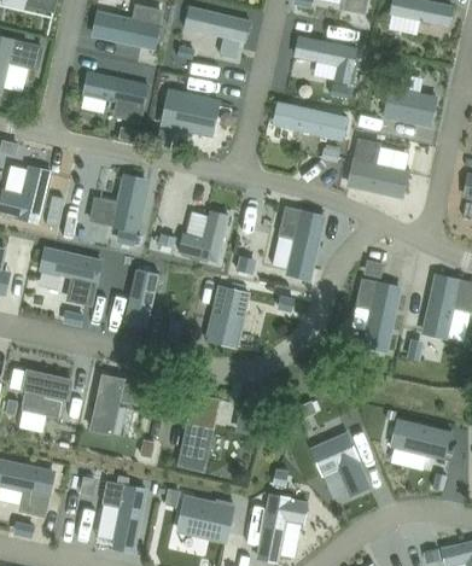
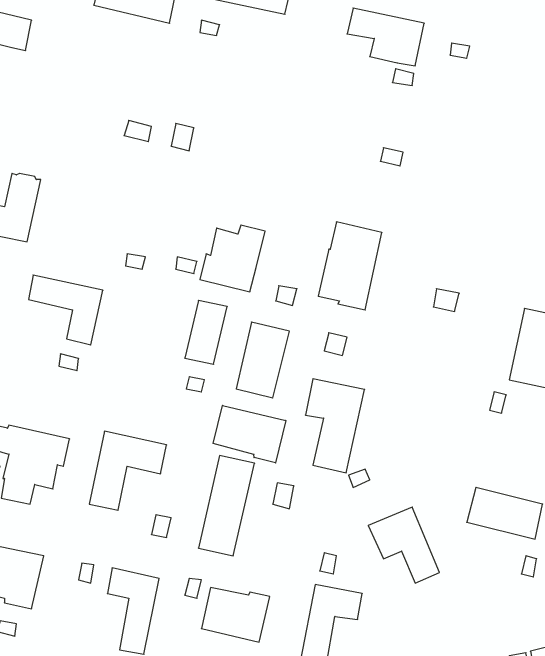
building: [82,70,150,122] -> none
building: [384,86,435,126] -> none
building: [161,88,220,136] -> none
building: [282,103,346,140] -> none
building: [345,138,408,198] -> none
building: [91,176,145,229] -> none
building: [126,269,159,320] -> [185,300,227,364]
building: [355,278,402,352] -> [305,379,365,473]
building: none -> [213,405,286,463]

